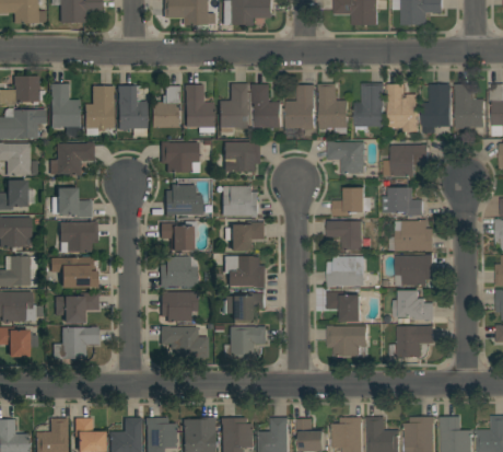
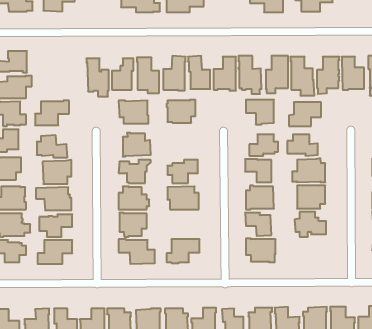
building: [50,84,80,137] -> none
building: [84,86,114,136] -> none
building: [222,185,258,217] -> none
building: [225,290,265,322] -> none
building: [389,325,434,357] -> none

